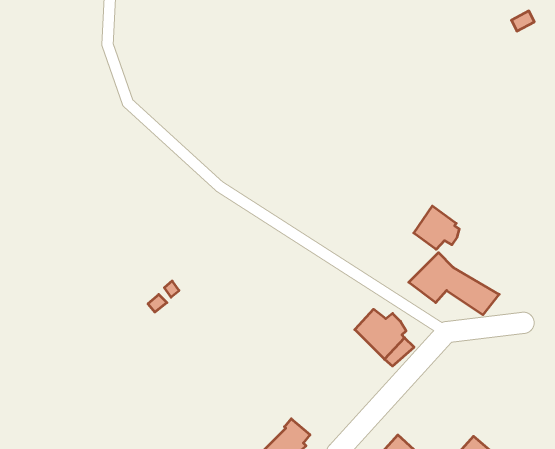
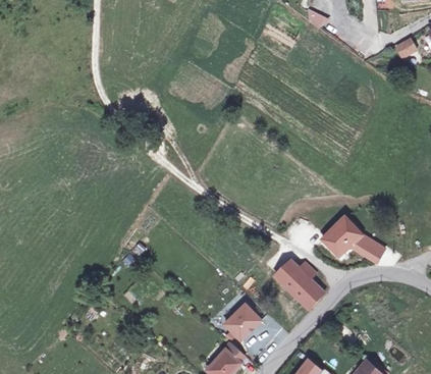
building: [414,206,459,249] -> none
building: none -> [223,304,259,340]

